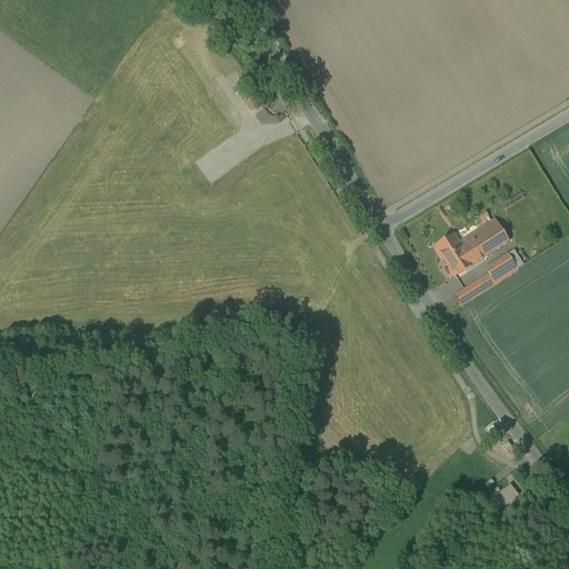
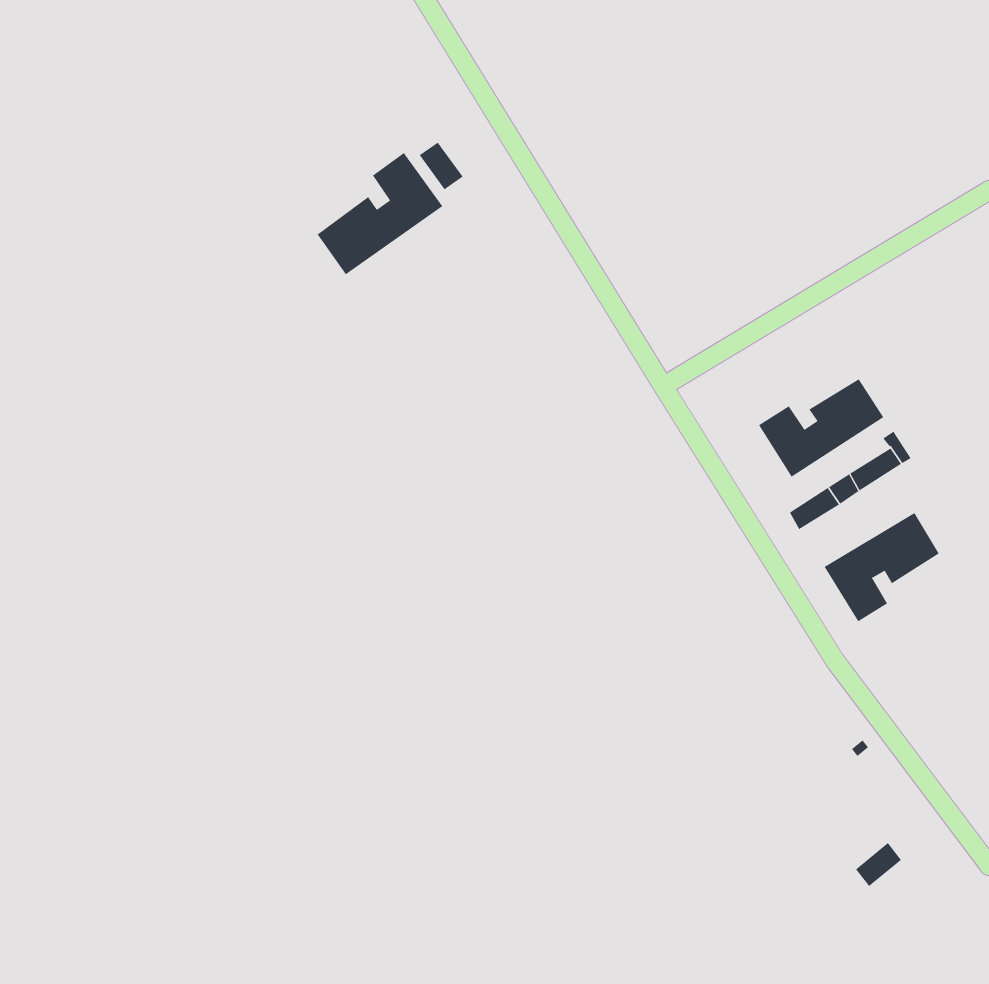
building: none -> [317,152,443,275]
building: none -> [824,512,940,622]

